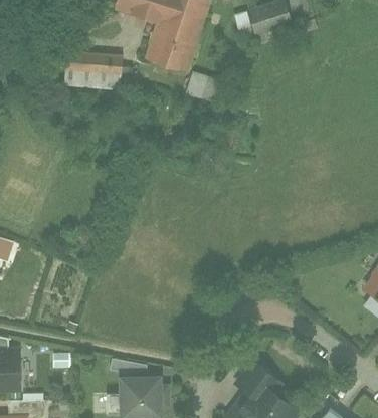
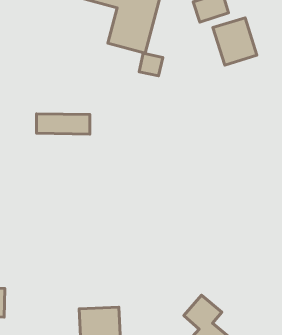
building: none -> [213,18,257,65]
building: [61,47,125,71] -> [37,114,90,134]

